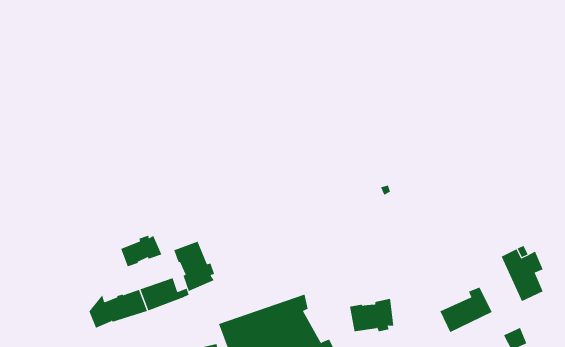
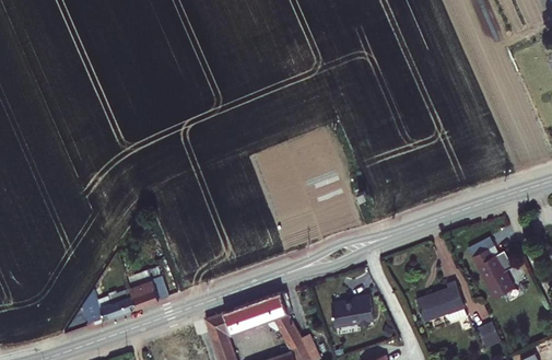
building: [121,235,162,267] -> none
building: [173,241,215,292] -> none

